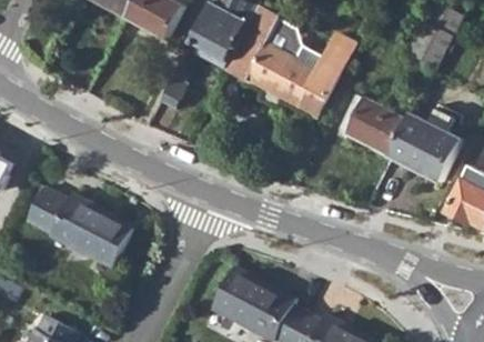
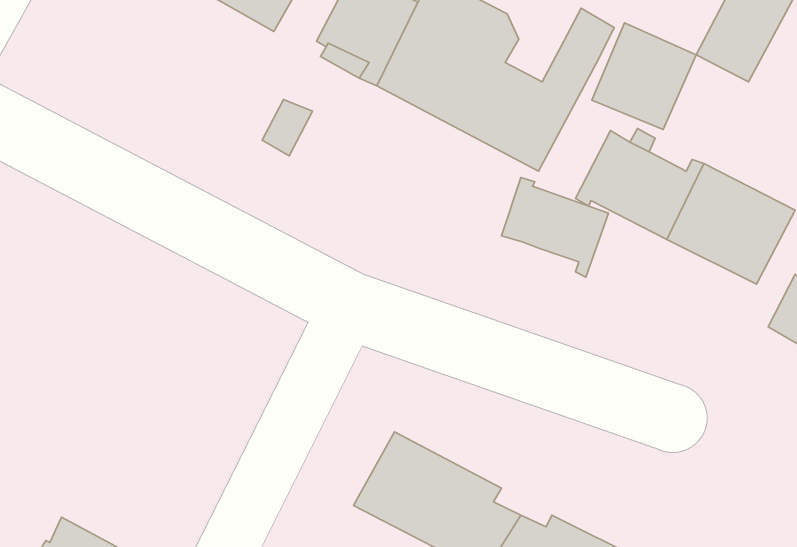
building: none -> [592,23,696,130]
building: none -> [502,178,609,277]
building: [26,190,133,269] -> none

